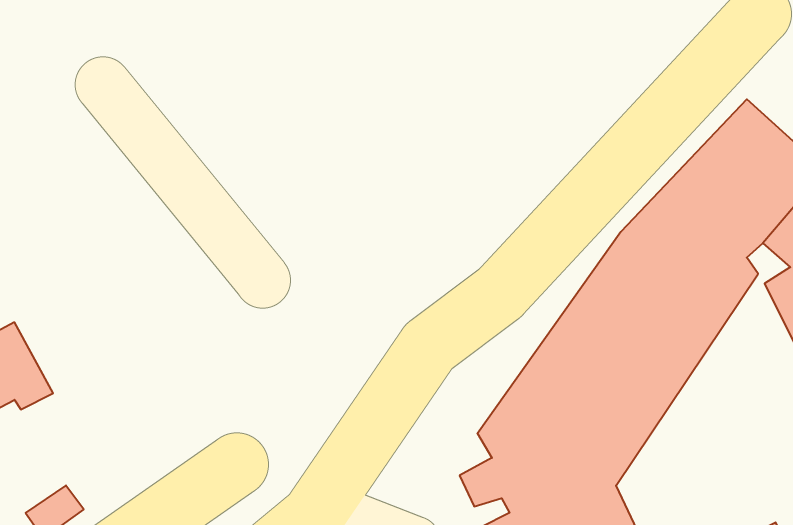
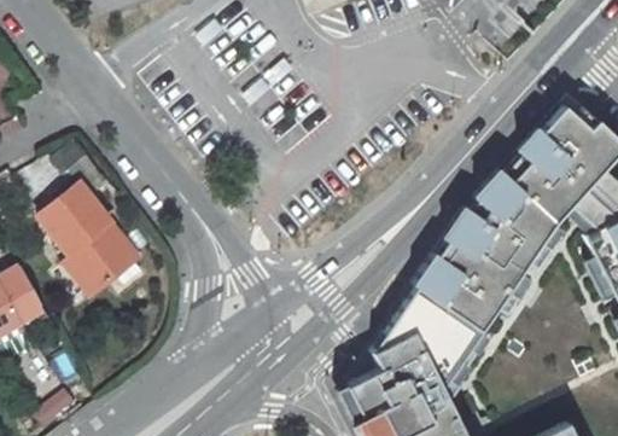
building: none -> [35,184,135,291]

